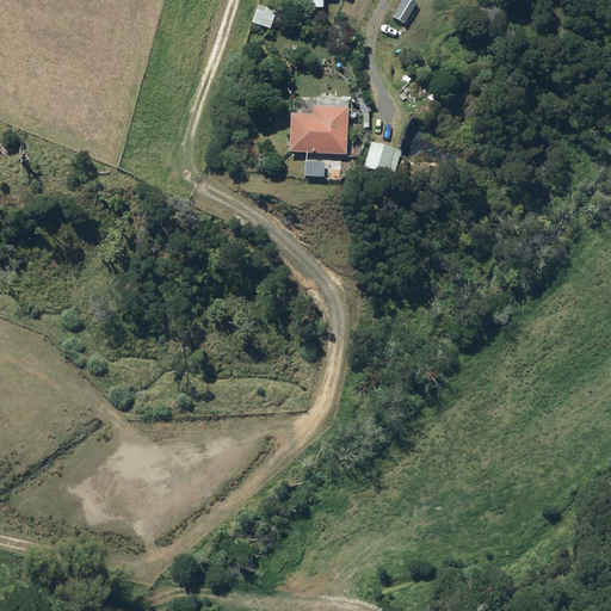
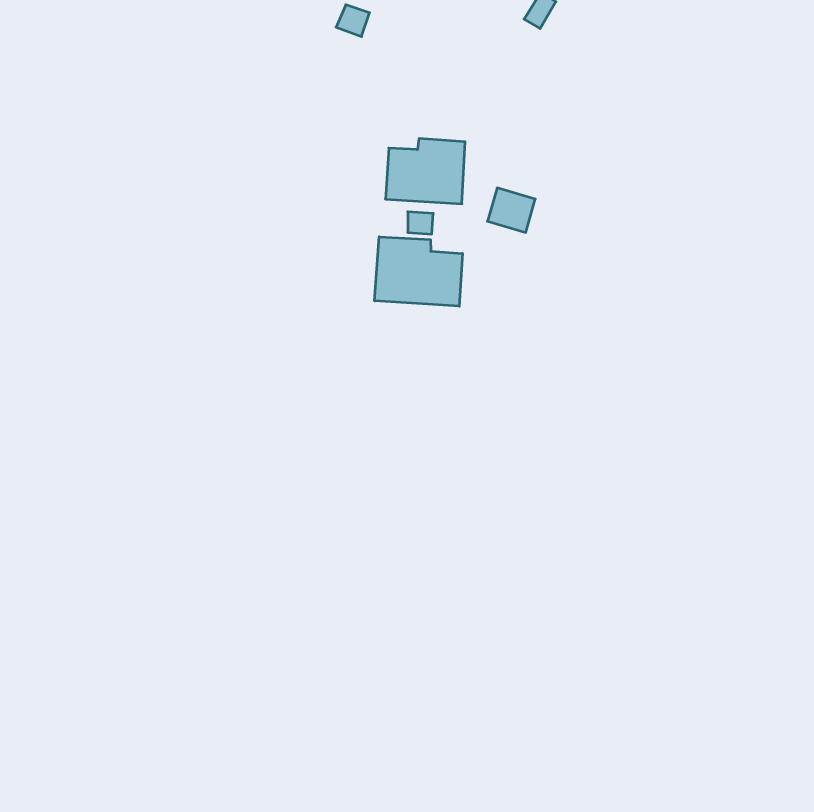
building: none -> [375,237,462,306]

